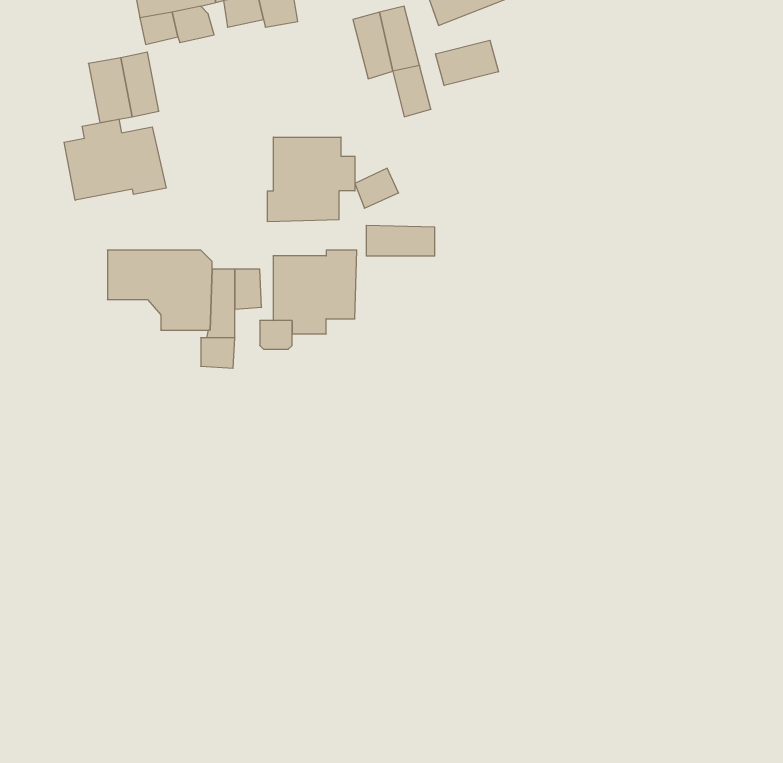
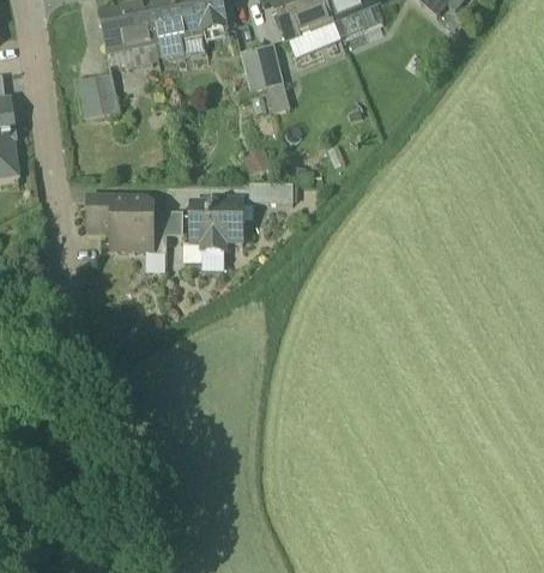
building: [436,40,498,86] -> none
building: [64,119,166,200] -> none
building: [267,137,355,222] -> none

